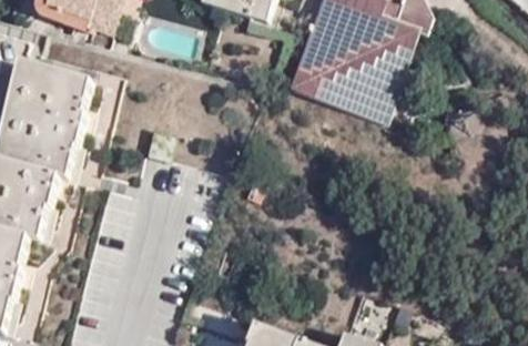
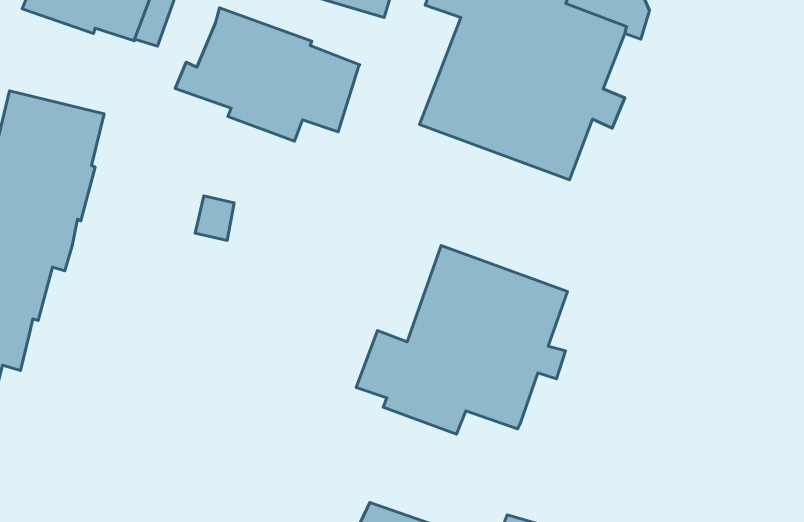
building: none -> [175,8,360,141]
building: none -> [356,245,567,434]

